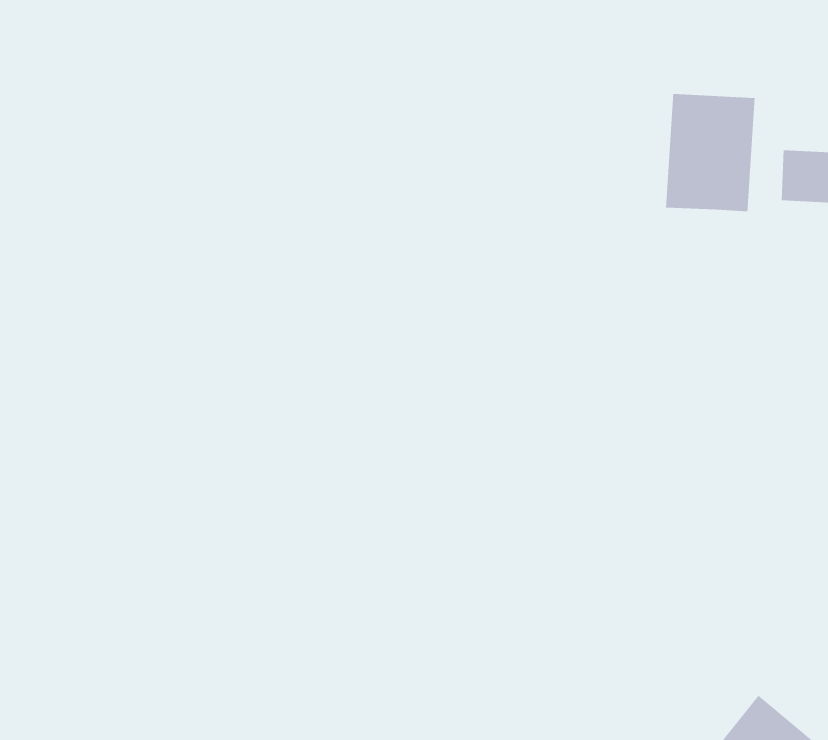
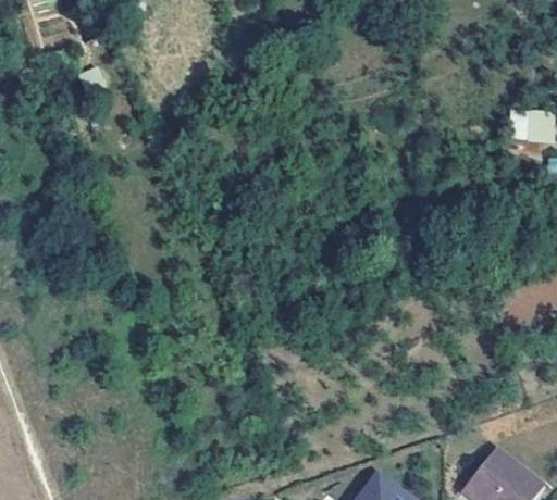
building: [665,93,755,212] -> none

